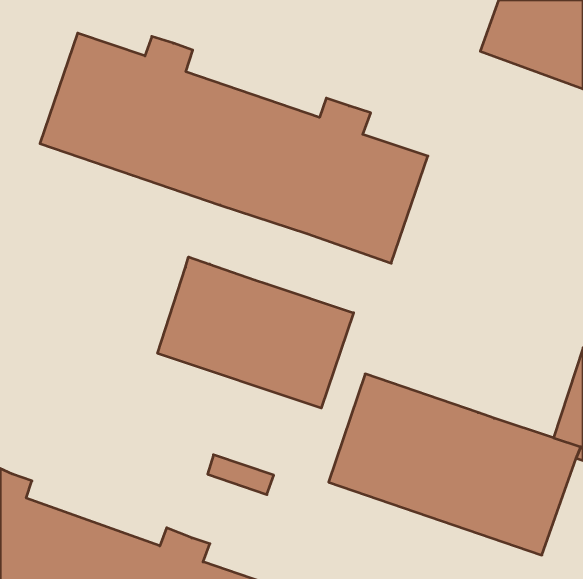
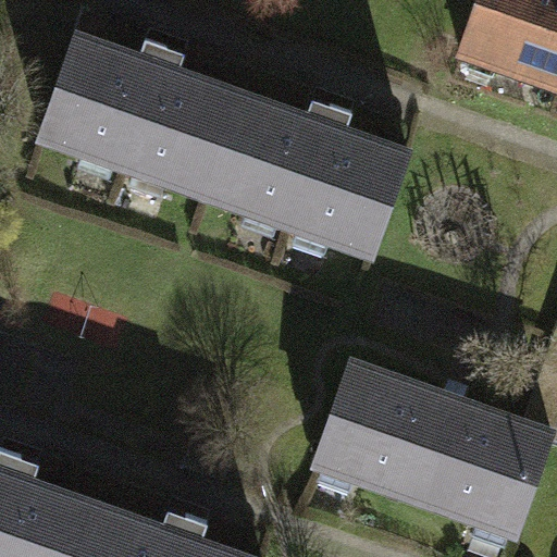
building: [158,257,354,408] -> none

